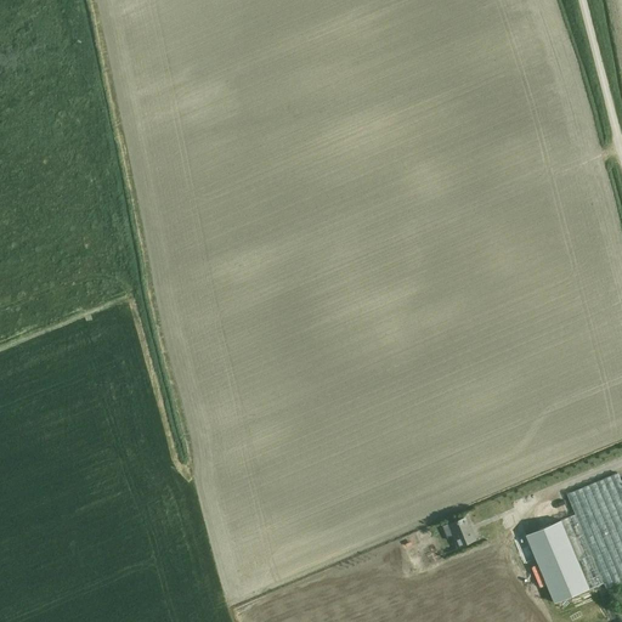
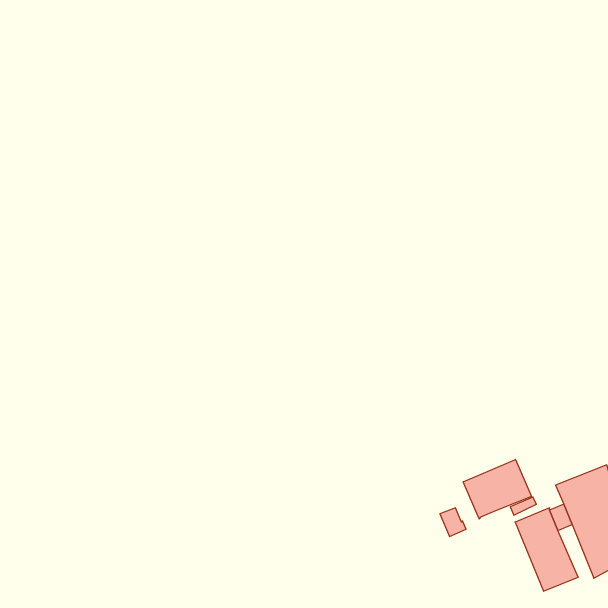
building: none -> [463,459,531,519]

